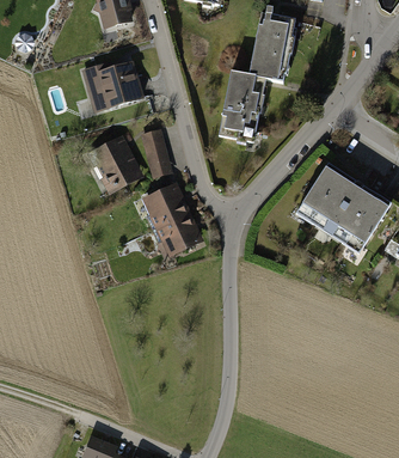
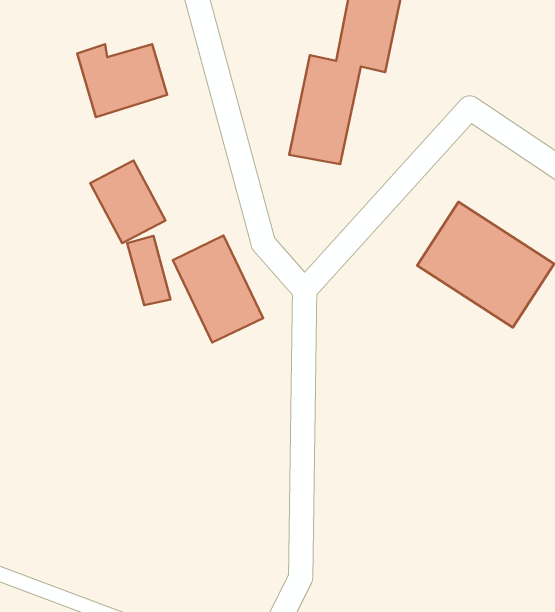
building: [143,129,171,173] -> [127,236,170,305]

